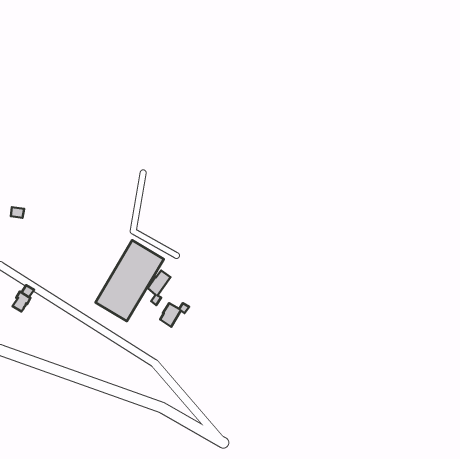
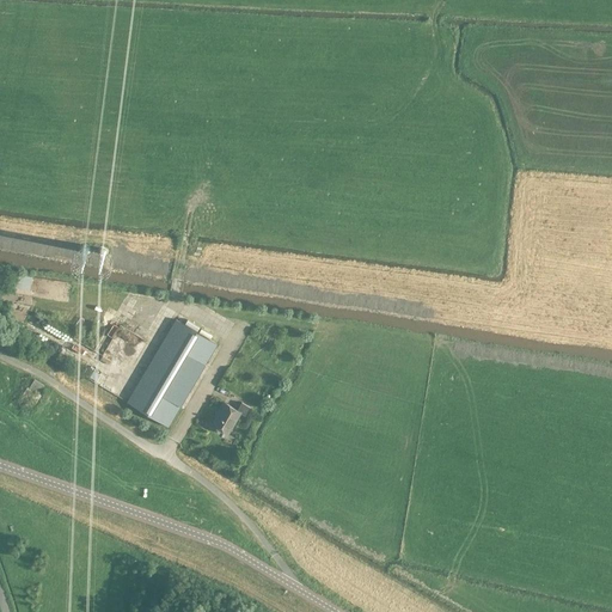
building: [148,271,171,305] -> none

